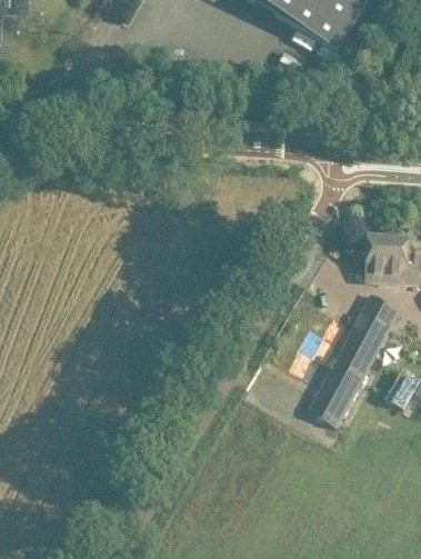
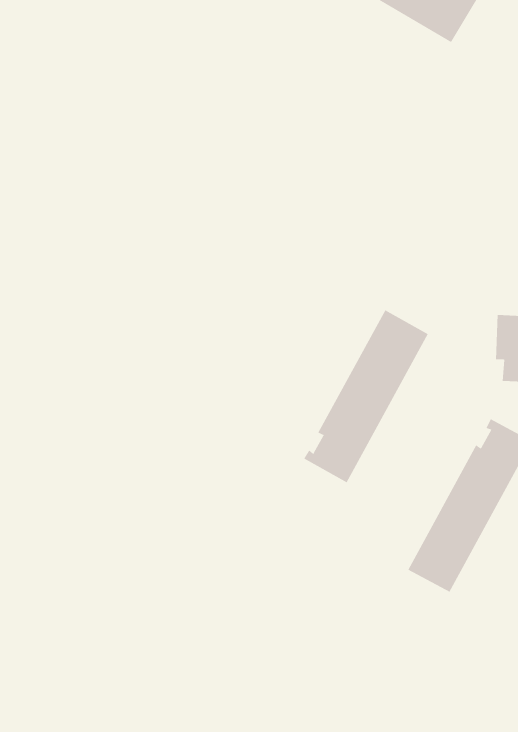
building: none -> [303,310,429,483]

